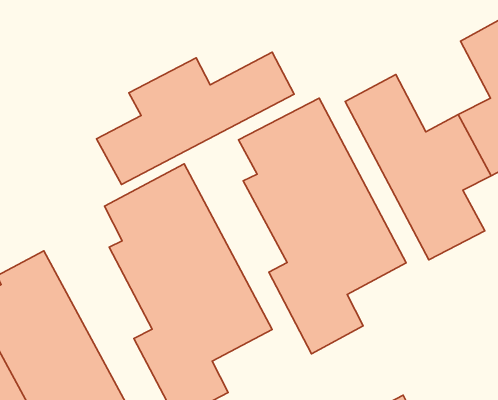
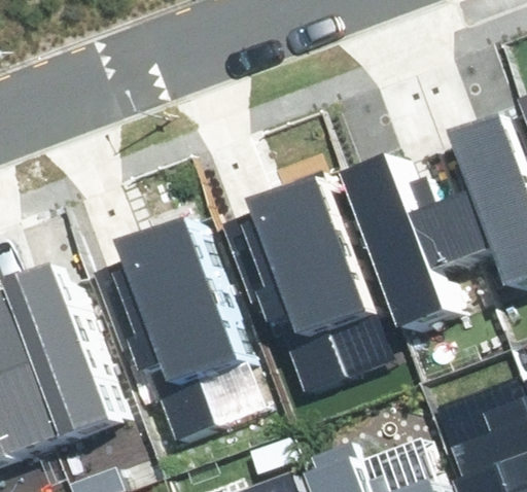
building: [96,52,294,185] -> none

